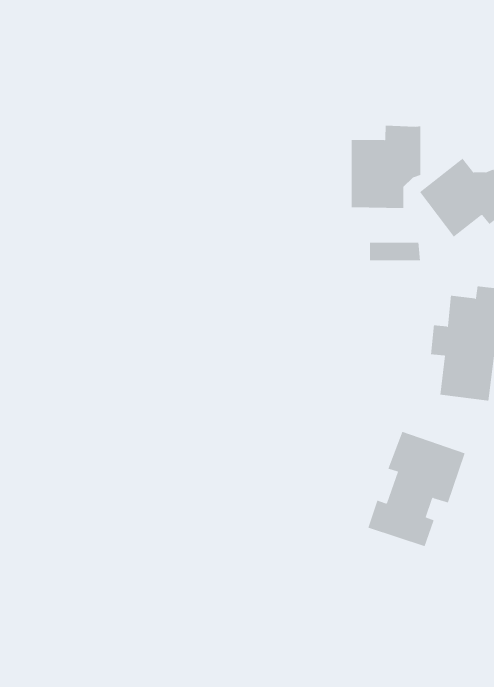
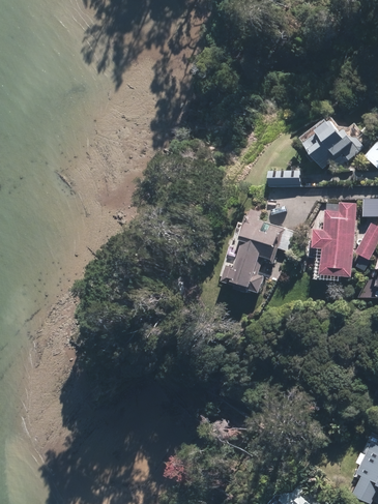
building: [351,125,421,209] -> none
building: [367,431,466,547] -> [220,214,285,291]

